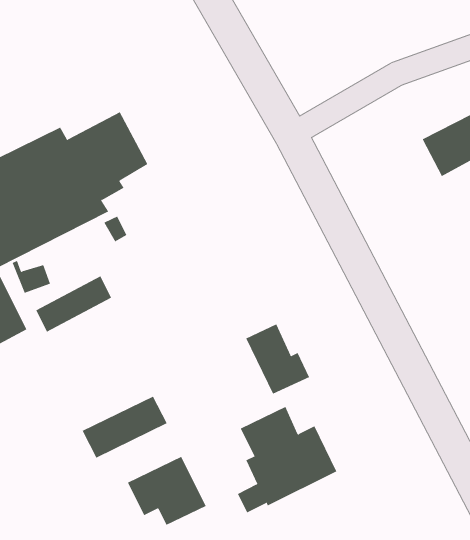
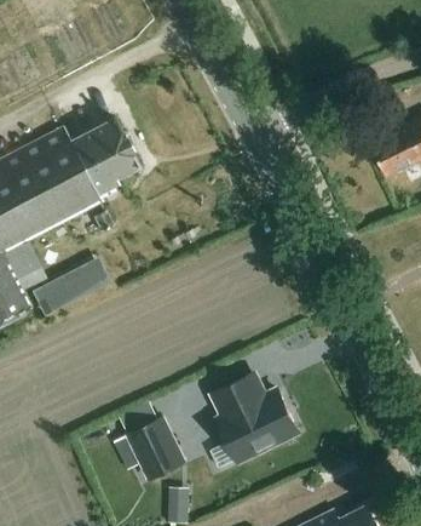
building: [246,323,310,395] -> none
building: [82,396,168,458] -> none

